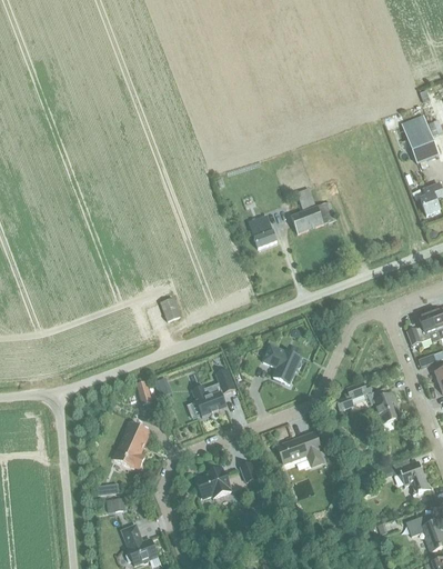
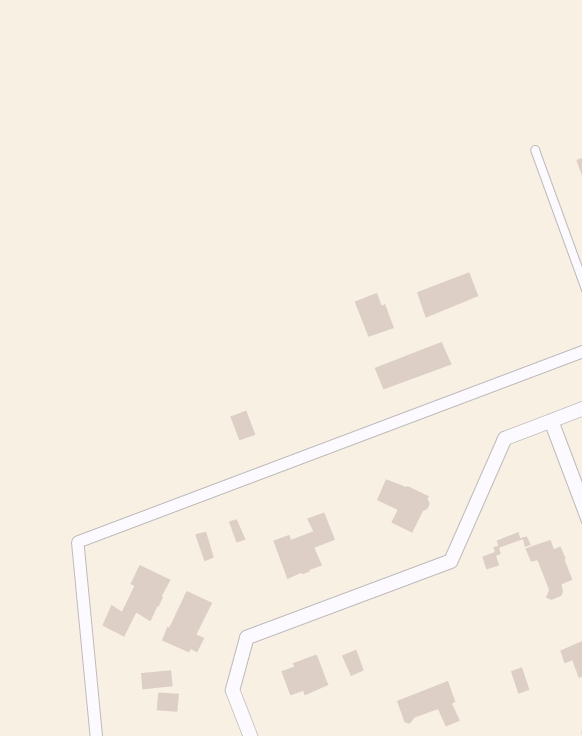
building: none -> [374,341,453,391]
building: none -> [101,564,172,638]
building: [278,432,323,466] -> [396,680,461,728]

